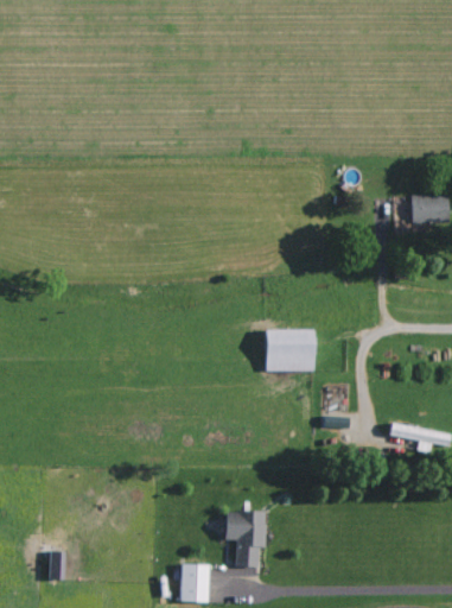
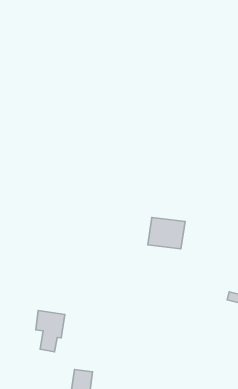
building: [225,511,265,568] -> [36,311,65,352]

